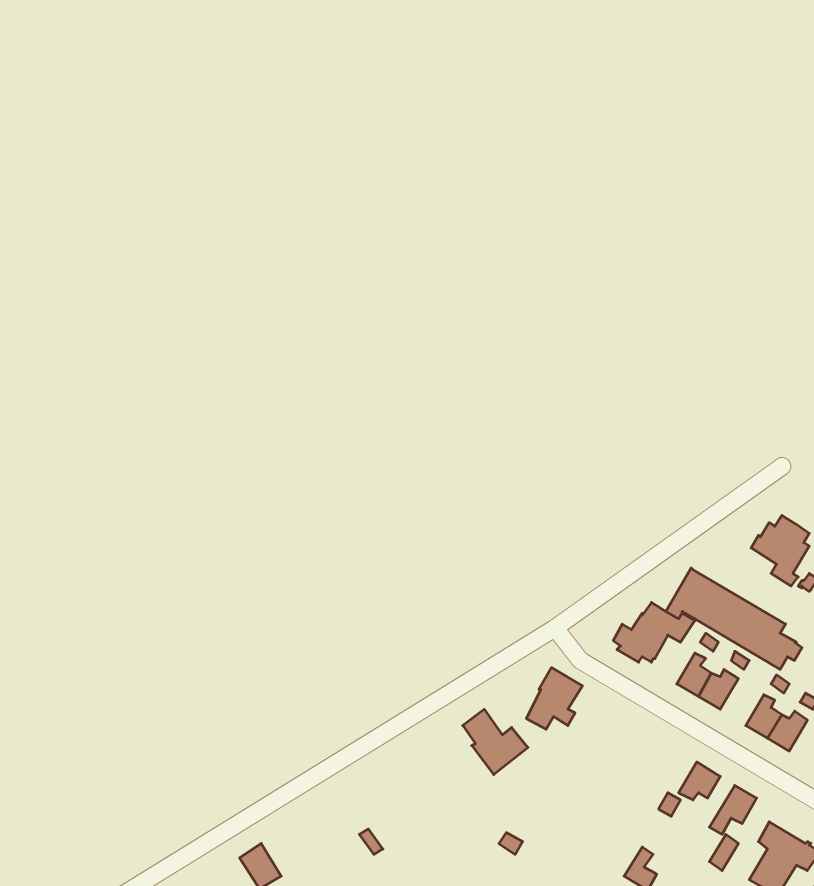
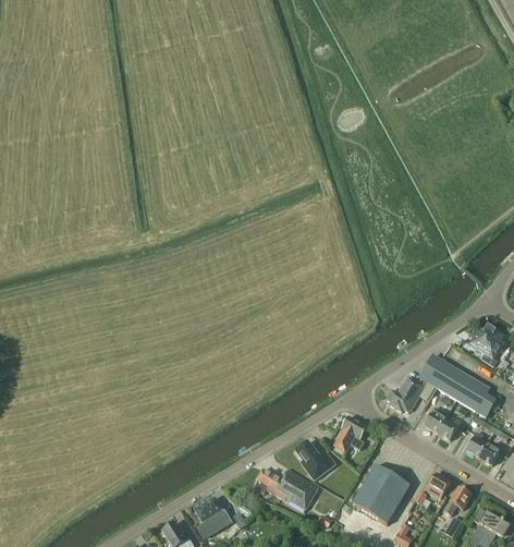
building: none -> [353,464,411,524]
building: none -> [254,469,318,511]
building: none -> [196,497,227,535]

